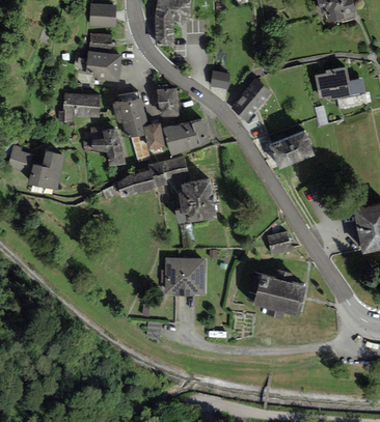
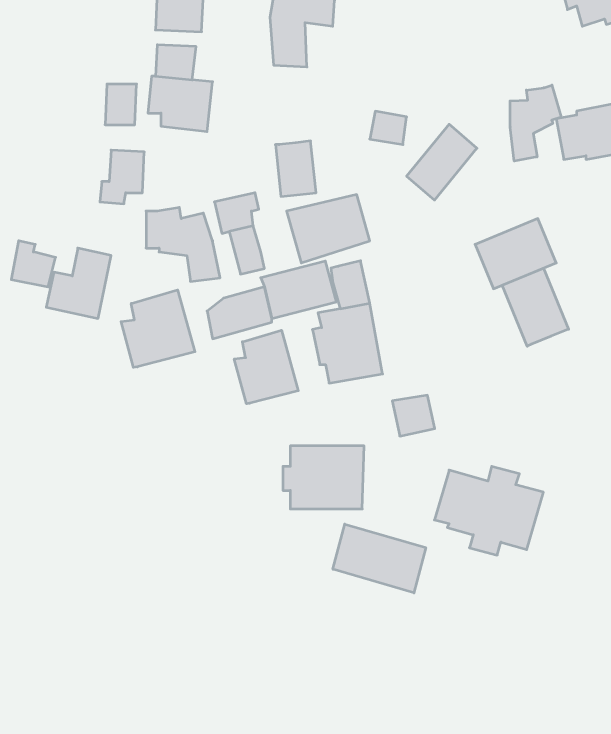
building: none -> [510,85,561,161]
building: [113,91,145,122] -> none
building: [82,93,100,116] -> [105,84,137,125]
building: [143,122,165,149] -> [331,261,370,309]
building: none -> [502,268,569,346]
building: none -> [121,290,195,367]
building: none -> [234,330,298,404]
building: [267,231,291,254] -> [392,395,435,436]
building: none -> [333,524,426,593]

